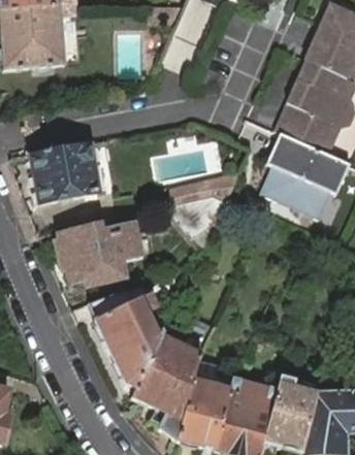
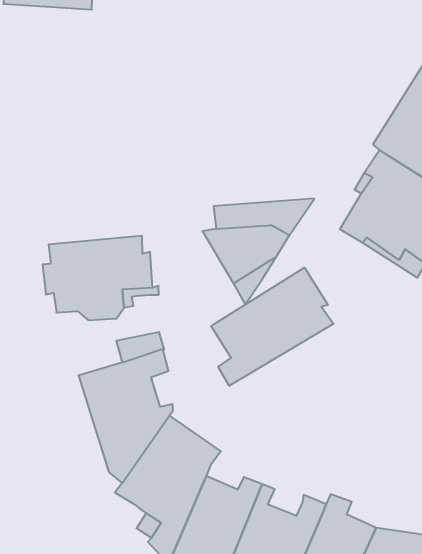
building: [30,142,99,203] -> none
building: none -> [211,268,334,386]

